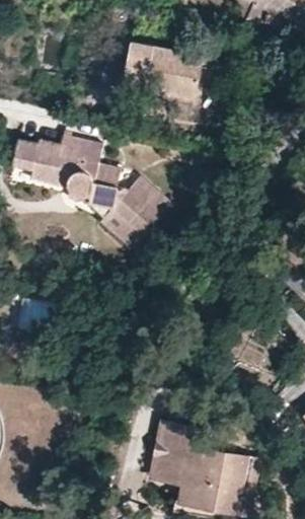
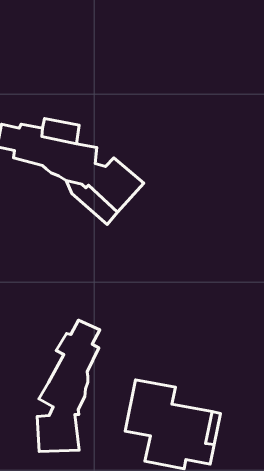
building: [122,43,202,102] -> none
building: none -> [37,320,100,451]

